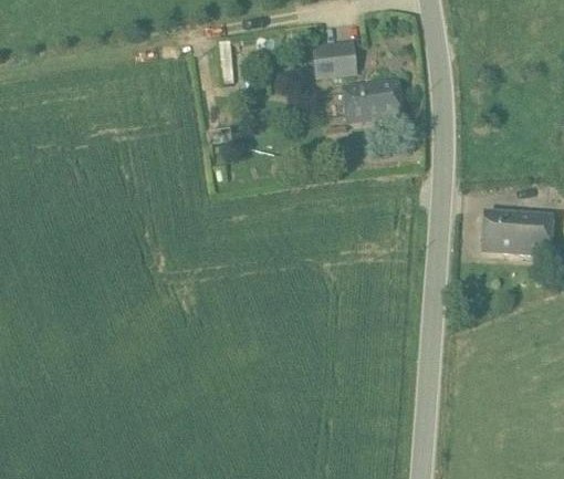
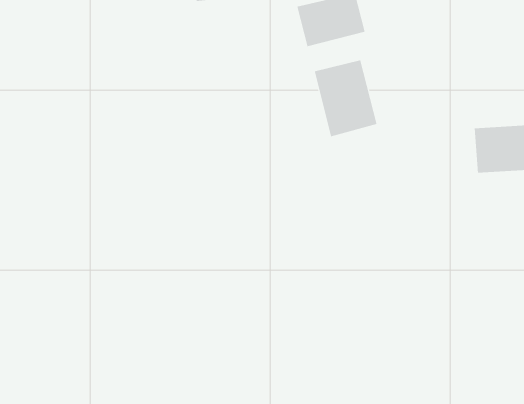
building: none -> [314,59,377,137]

